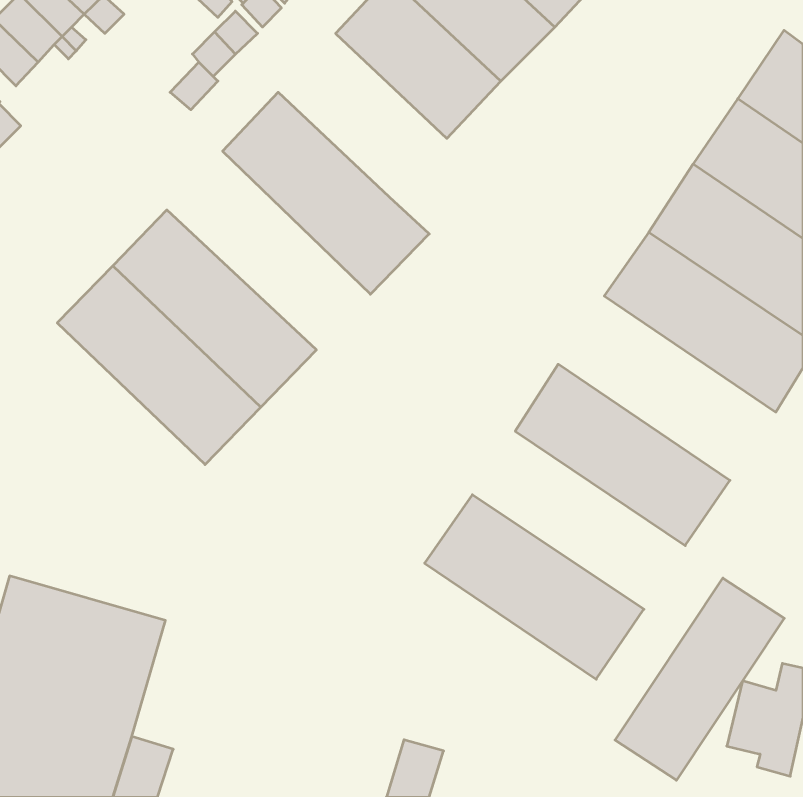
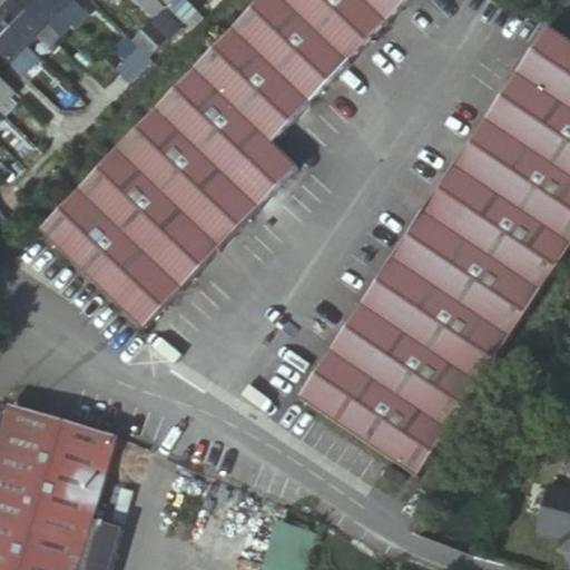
building: none -> [195,23,313,138]
building: none -> [117,106,259,245]
building: none -> [391,207,543,336]
building: none -> [331,302,480,426]
building: [615,578,784,780] -> none

